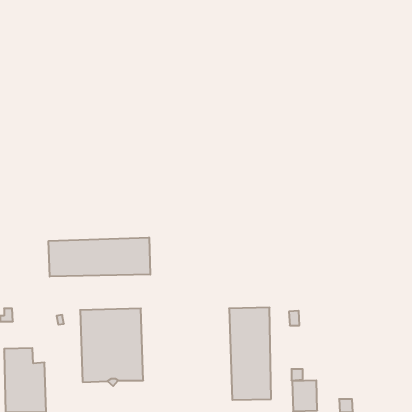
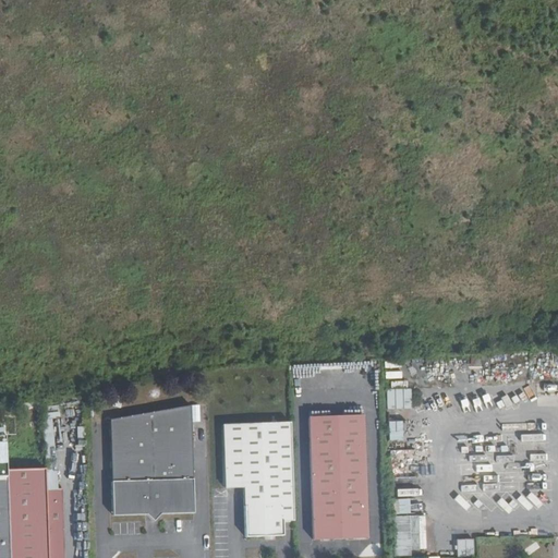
building: [49,237,150,277] -> none
building: none -> [223,422,295,536]

